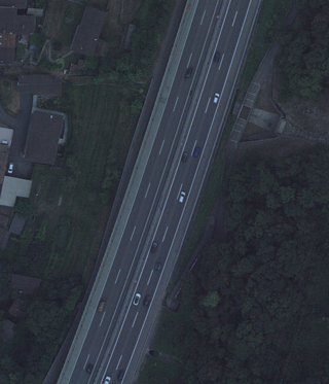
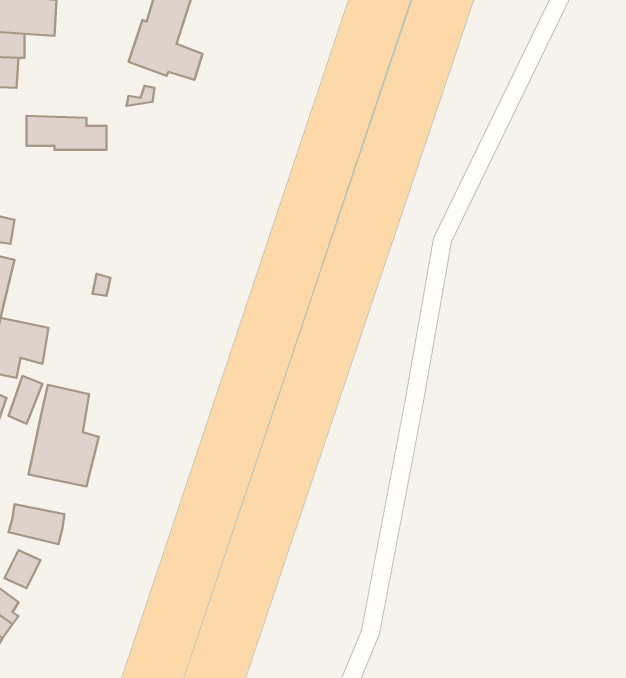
building: [25,110,60,161] -> none
building: none -> [28,385,99,486]

